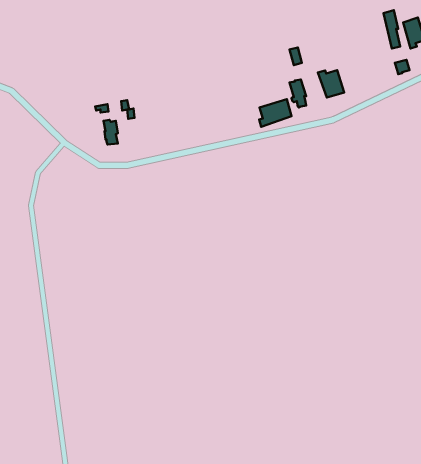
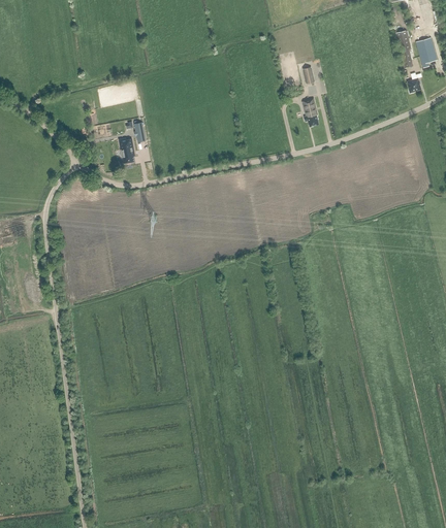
building: [318,70,344,98] -> none
building: [259,99,291,127] -> none

